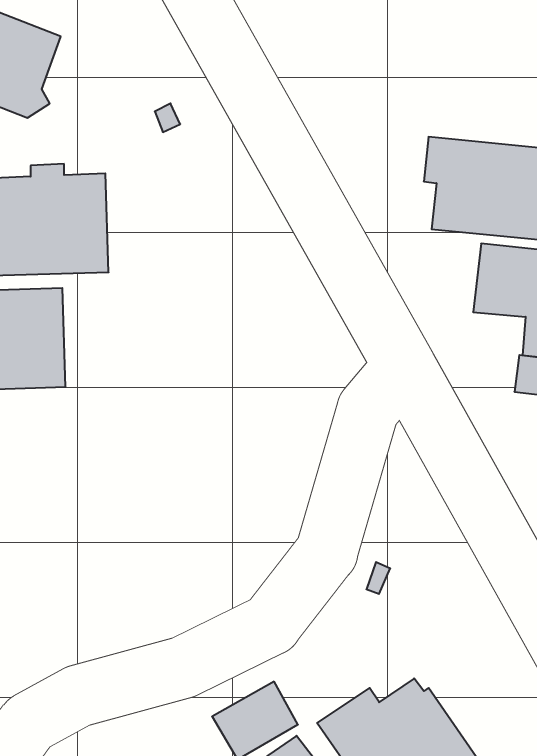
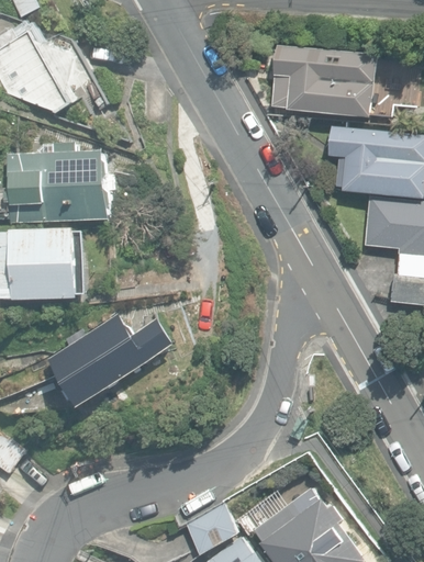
building: none -> [270,45,377,116]
building: none -> [48,314,177,406]

